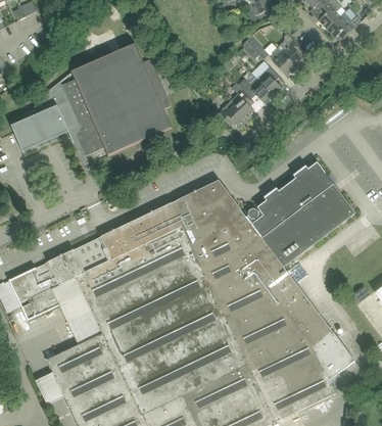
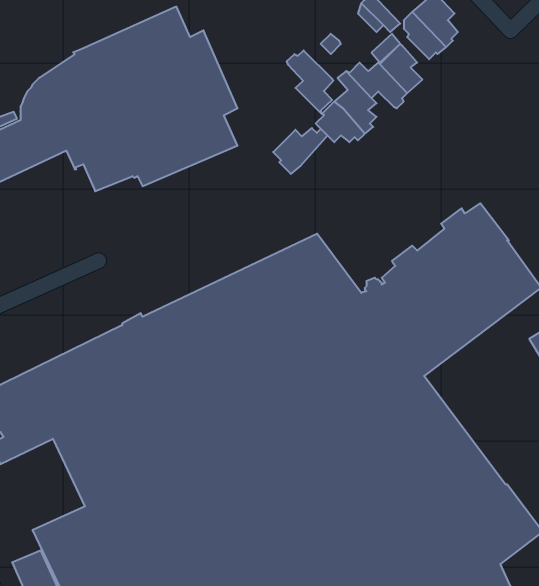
building: none -> [287,50,333,114]
building: none -> [273,128,328,174]

